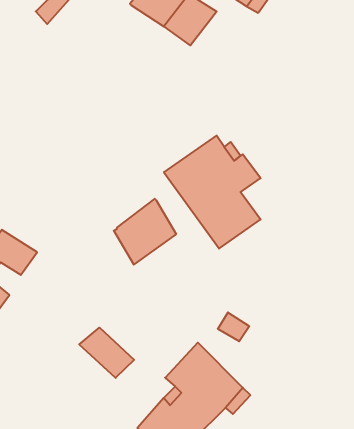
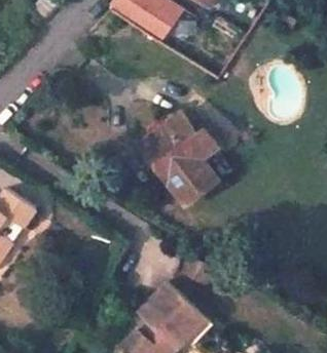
building: [114,199,176,265] -> none
building: [79,328,134,378] -> none

